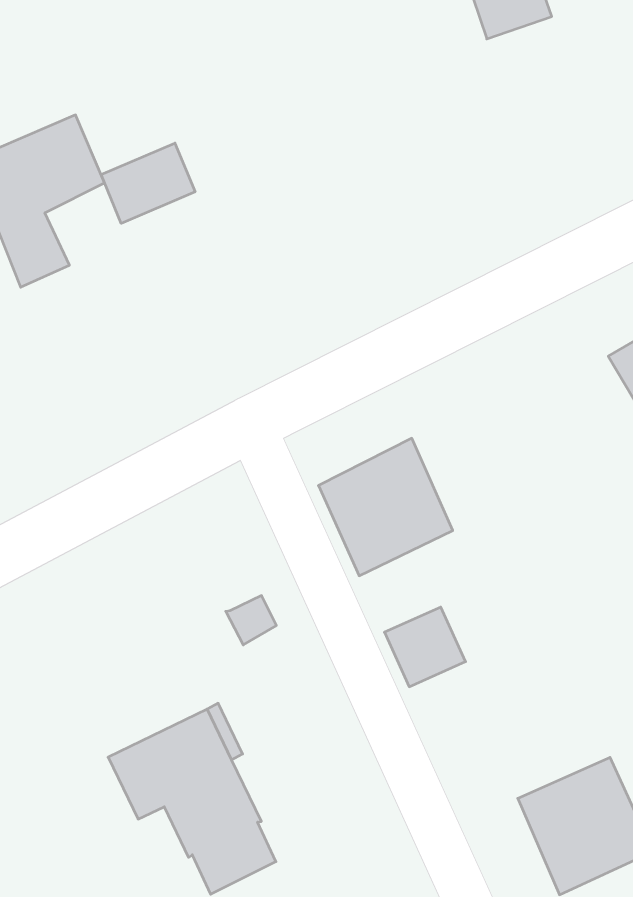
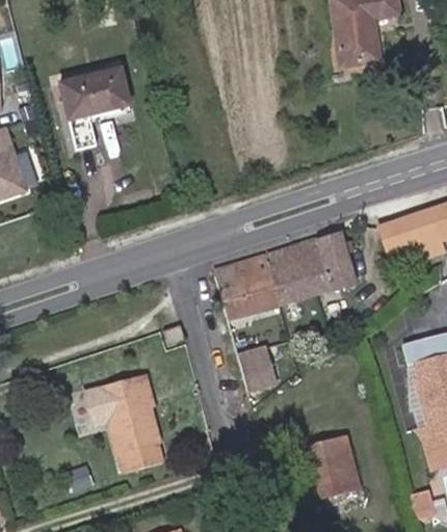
building: [101,143,195,223] -> none
building: none -> [268,239,353,311]

